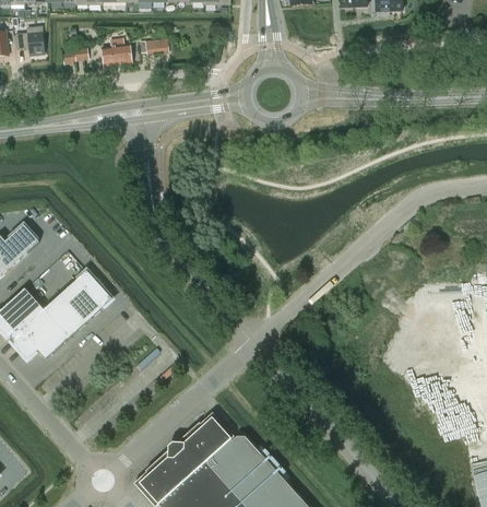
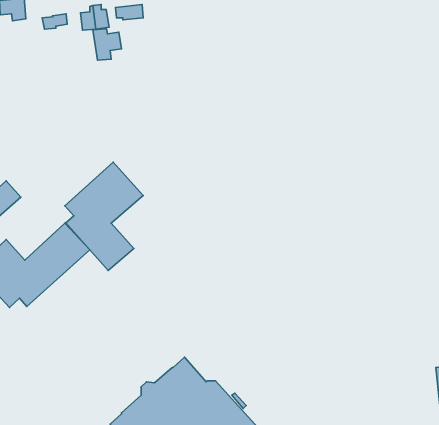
building: none -> [93,29,122,60]
building: none -> [65,162,143,270]

